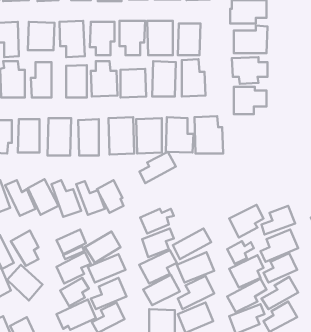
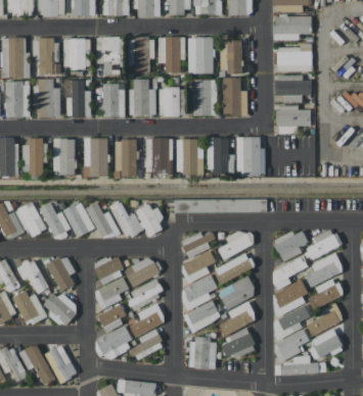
building: [139,152,176,183] -> [218,228,256,260]

